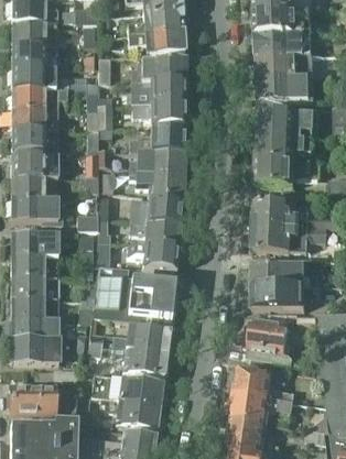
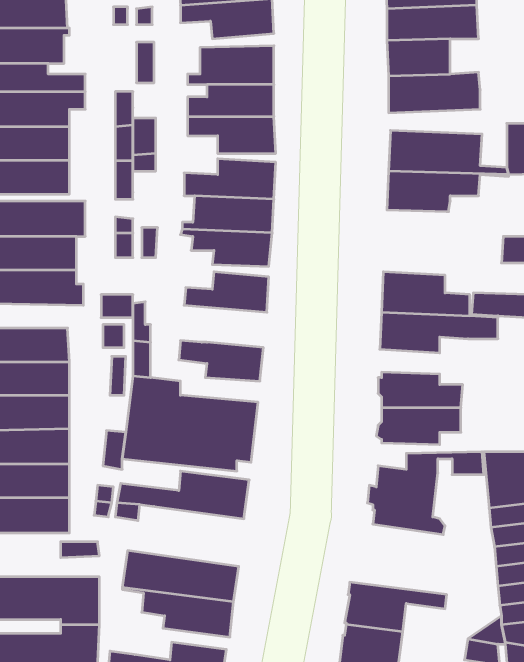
building: [255,161,317,185] -> none
building: [128,220,181,247] -> none
building: [109,346,166,373] -> none
building: [233,364,294,401] -> none

